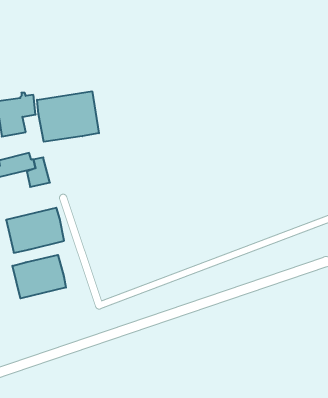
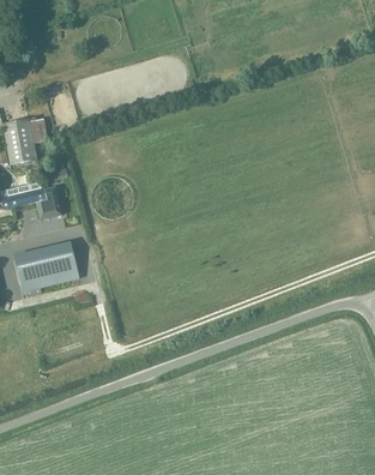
building: [37,91,99,142] -> none
building: [12,255,66,298] -> none

